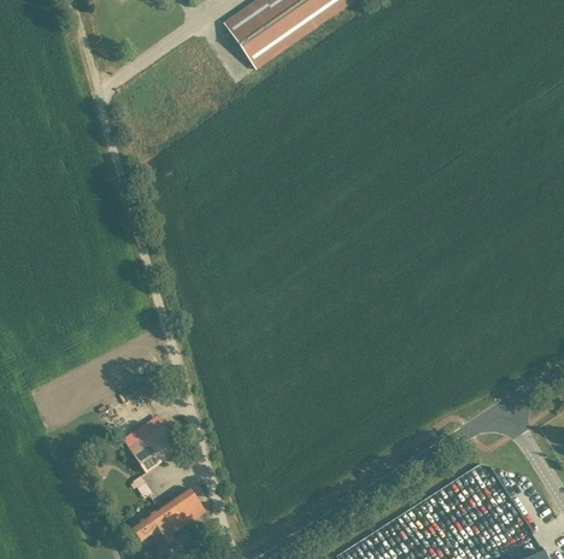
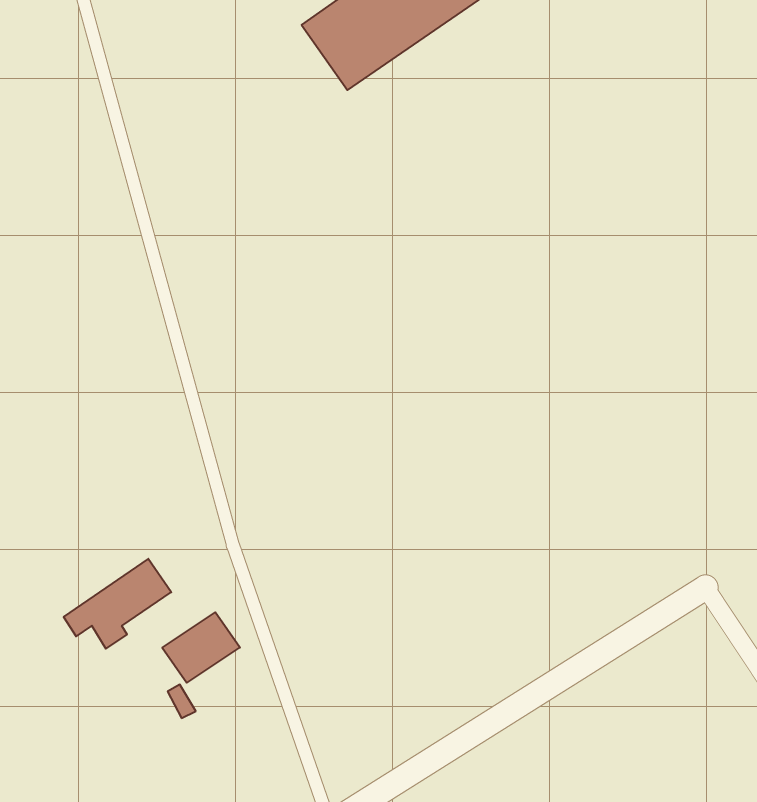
building: [131,487,205,548] -> [64,559,171,649]

